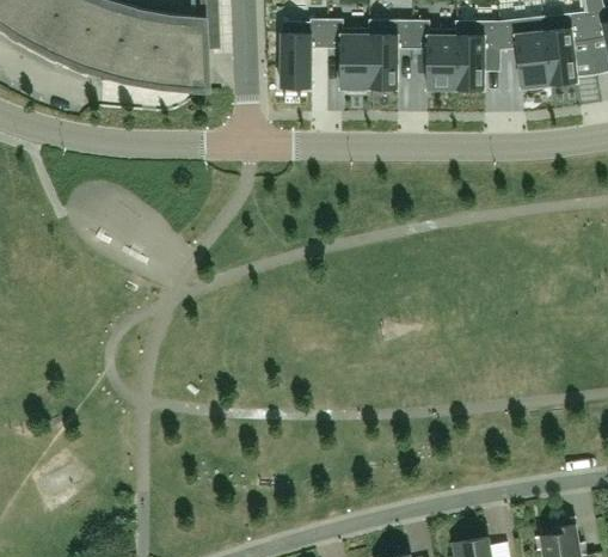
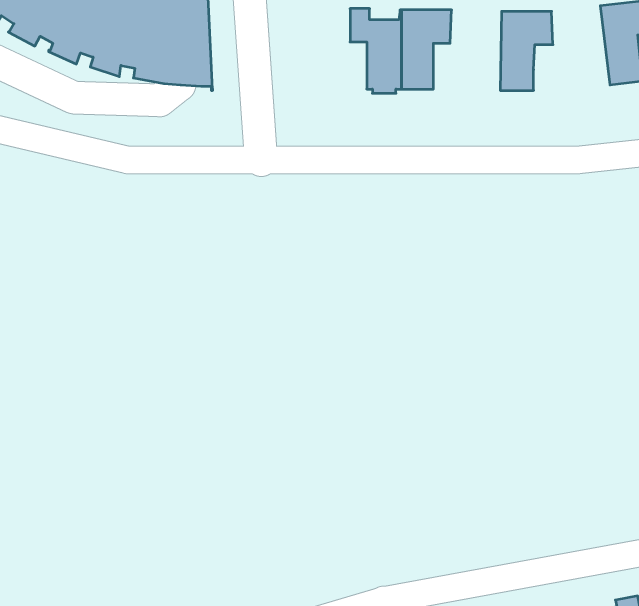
building: [498,18,548,90] -> none
building: [280,20,325,90] -> none
building: [411,22,455,91] -> none

